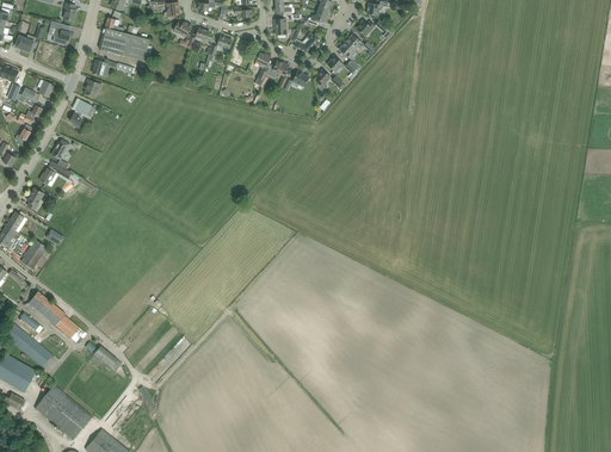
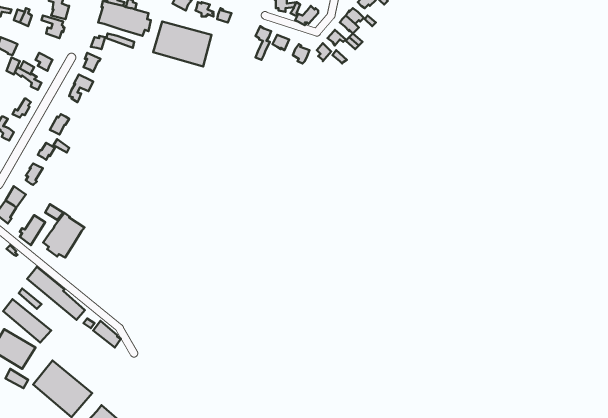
building: none -> [153,22,211,66]
building: none -> [43,213,84,258]

